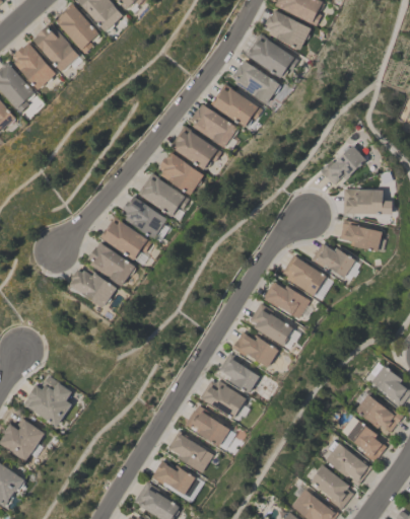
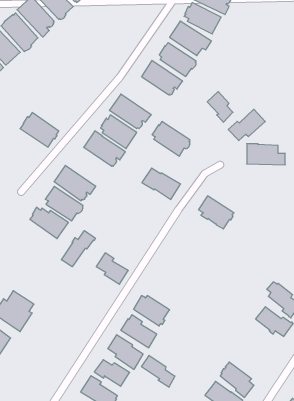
building: [190,103,237,147] -> [152,122,190,156]
building: none -> [207,92,233,122]
building: [119,196,167,239] -> [20,113,59,147]
building: [339,219,383,251] -> none
building: [312,243,356,277] -> none
building: [262,280,311,319] -> [142,168,181,199]
building: none -> [61,231,95,267]
building: [249,303,293,346] -> none
building: [231,332,278,367] -> none
building: [218,353,259,392] -> [96,253,128,284]
building: [340,416,386,462] -> none
building: [324,441,370,486] -> none
building: none -> [142,355,175,387]

